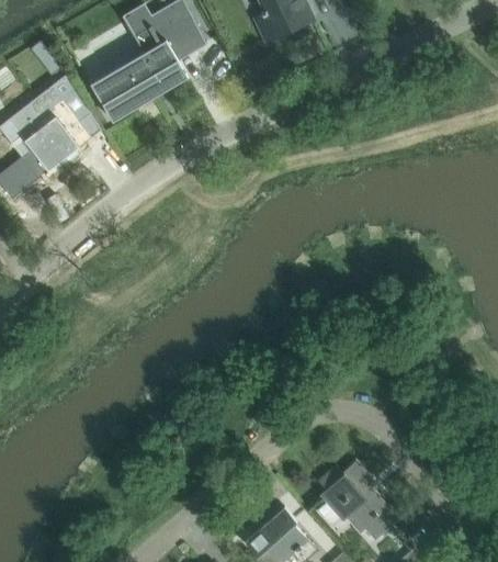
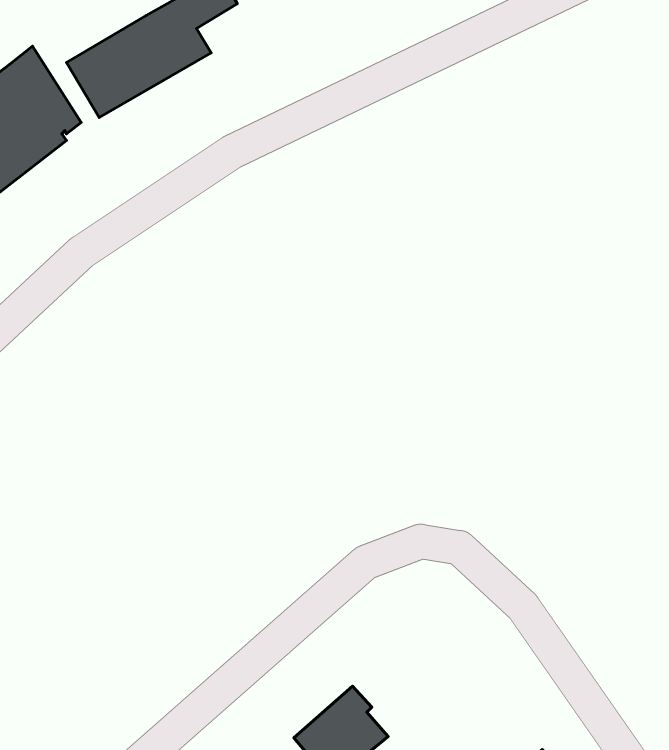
building: [319,463,395,538] -> none

